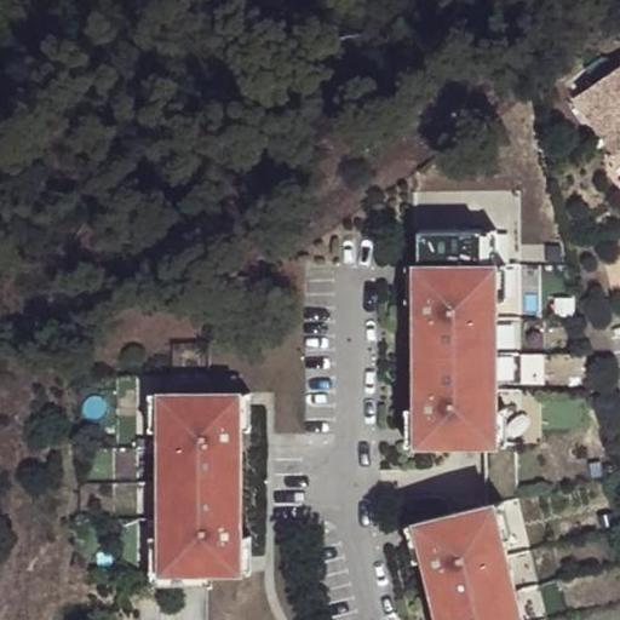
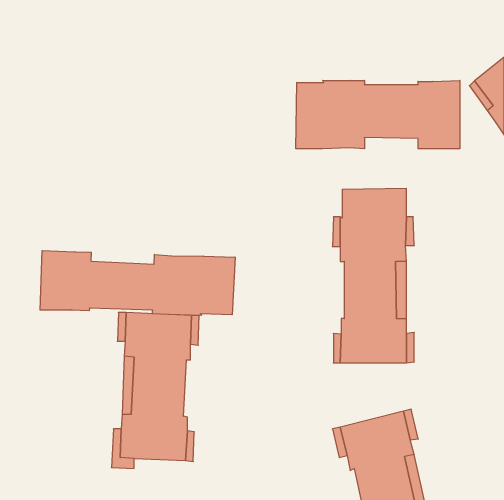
building: none -> [296,80,460,149]
building: none -> [40,251,235,315]

